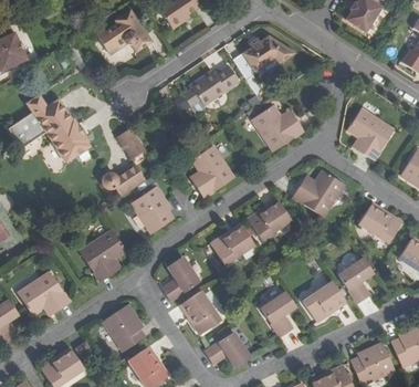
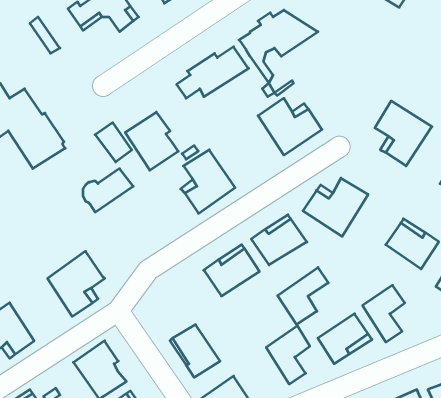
building: [130,187,174,234] -> [125,112,178,170]
building: none -> [278,267,328,324]
building: [161,258,198,300] -> none

